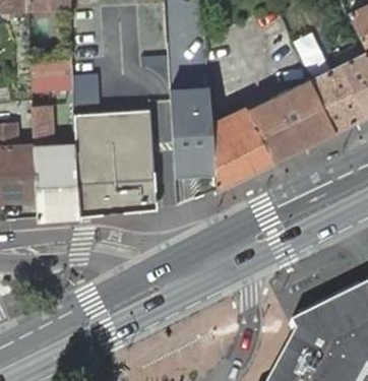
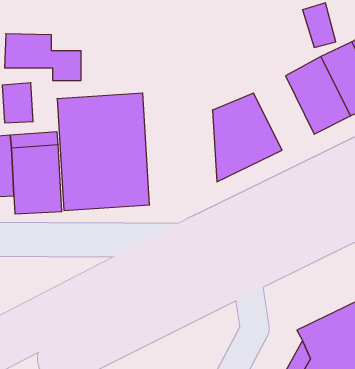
building: [172,88,216,176] -> none
building: [250,94,304,161] -> none

